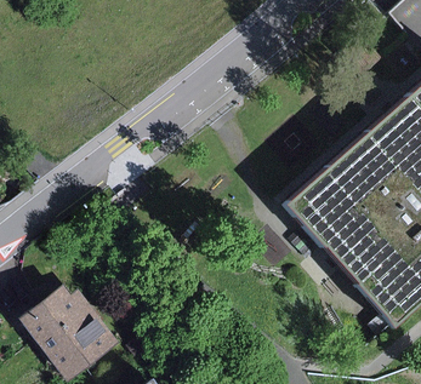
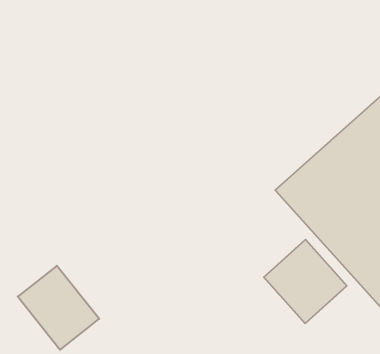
building: none -> [264,240,347,323]

